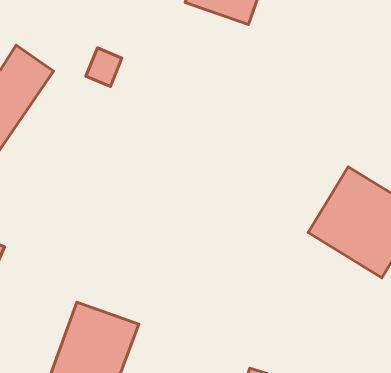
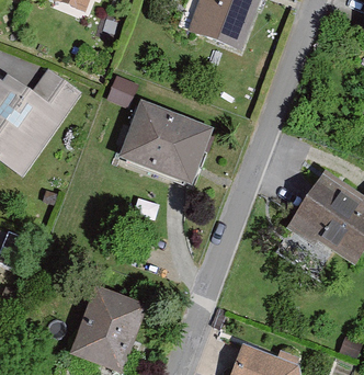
building: none -> [115,100,206,184]

